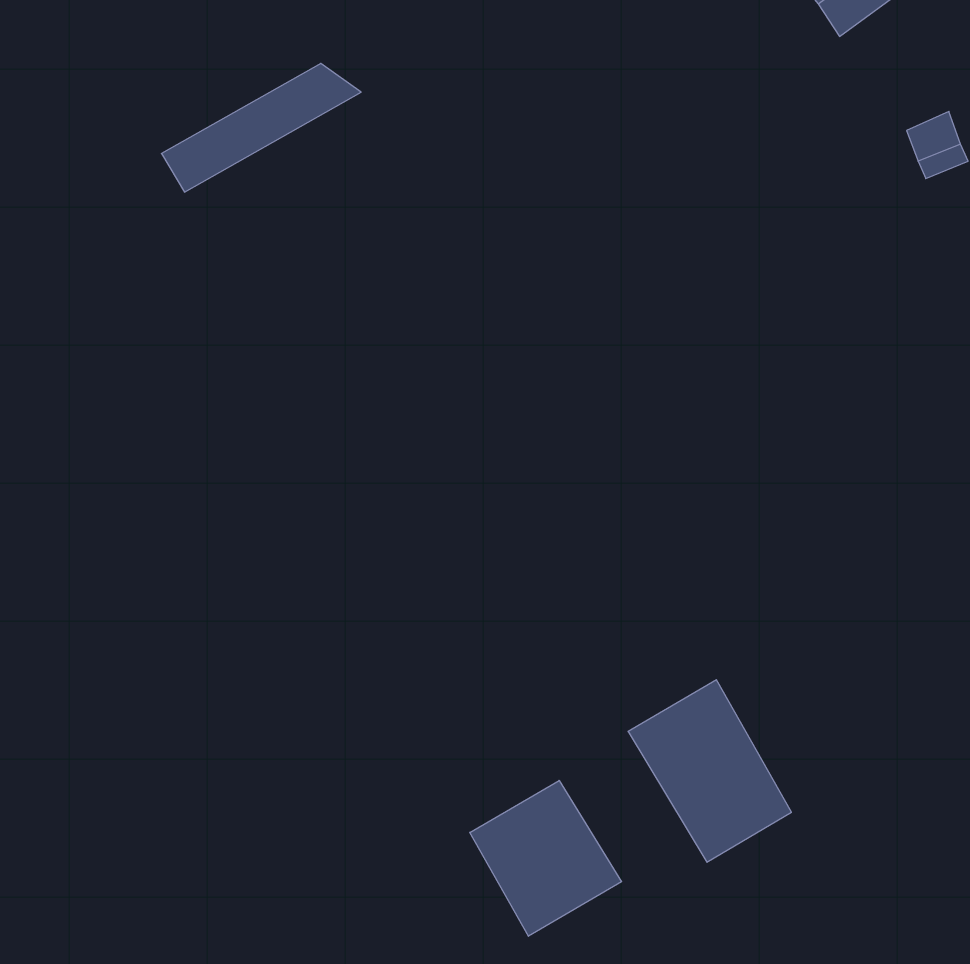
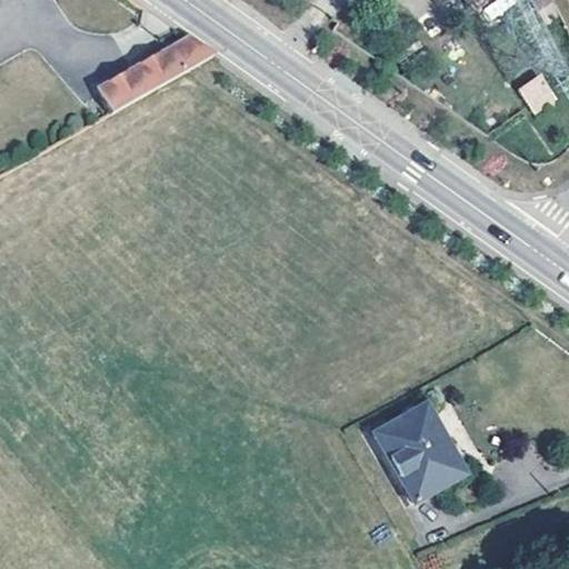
building: [470,780,622,936] -> none

